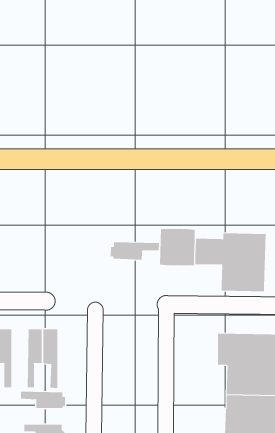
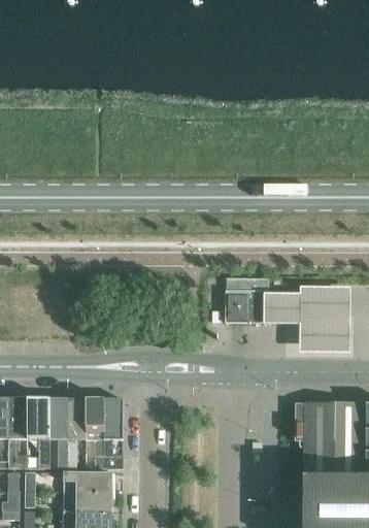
building: [110,242,160,260] -> none
building: none -> [49,398,68,468]
building: none -> [104,398,124,469]
building: none -> [63,492,113,512]

